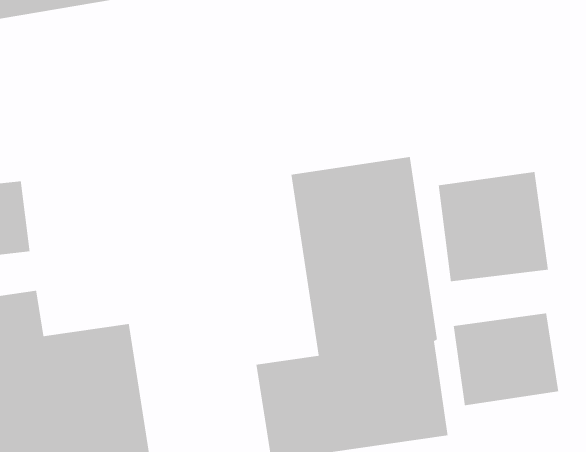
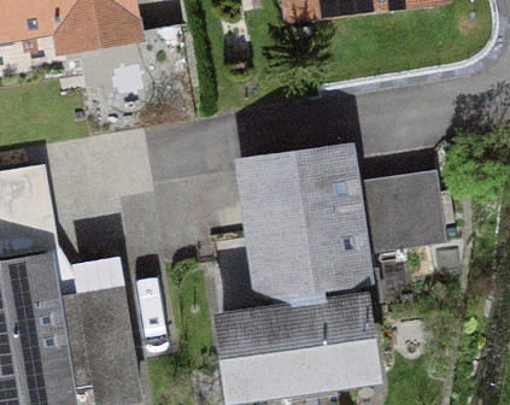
building: [453,312,559,406] -> none

